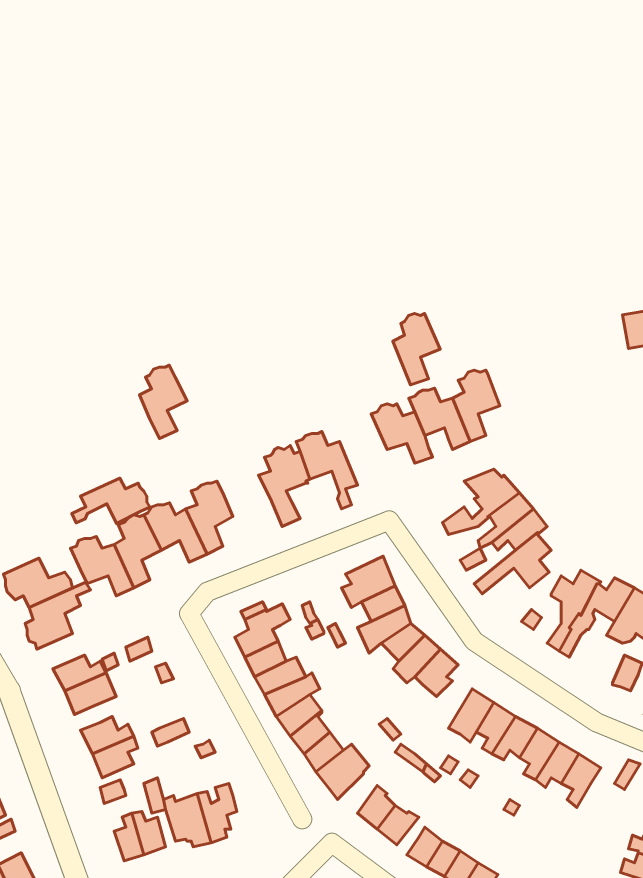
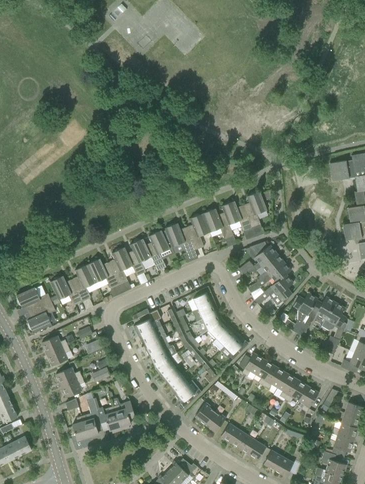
building: [393,314,440,385] -> [186,214,210,250]
building: [140,365,187,438] -> [127,239,151,276]
building: [72,478,150,524] -> none

